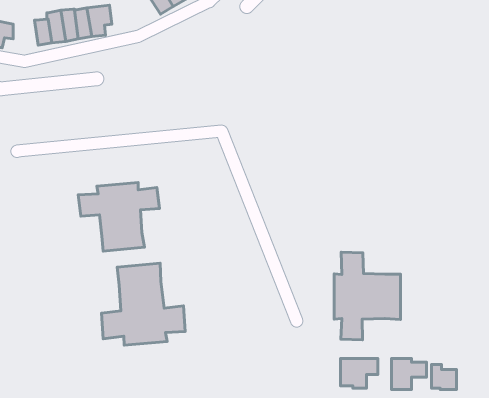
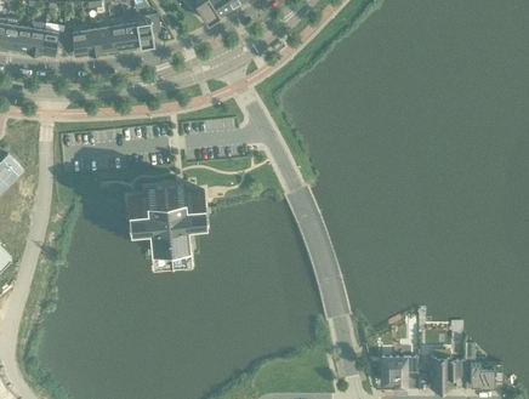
building: none -> [64,27,89,57]
building: [334,252,400,340] -> none
building: [101,263,185,345] -> none

